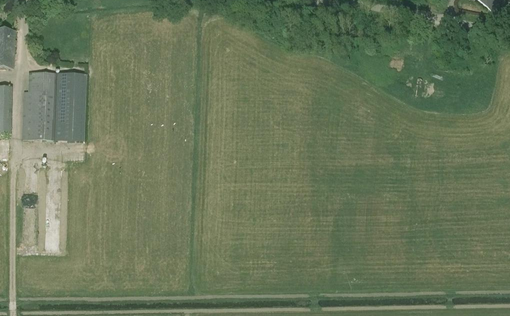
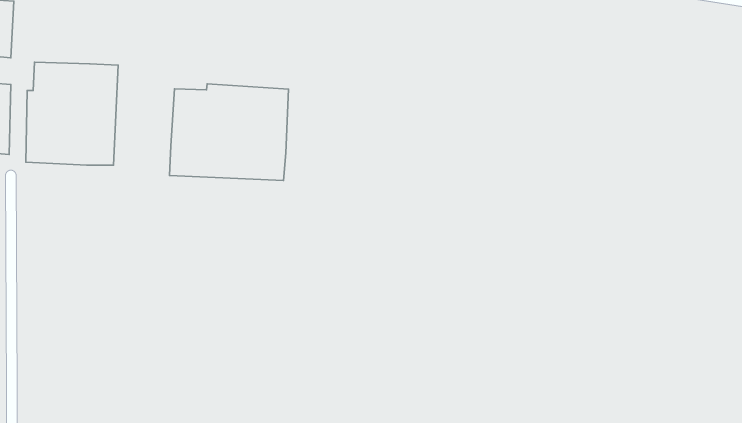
building: none -> [170,84,289,181]

